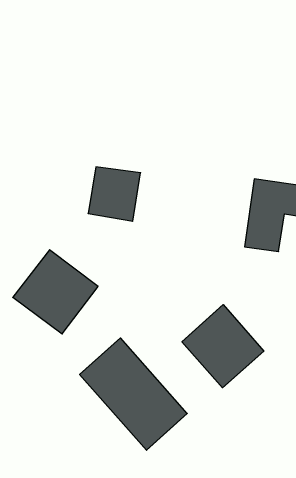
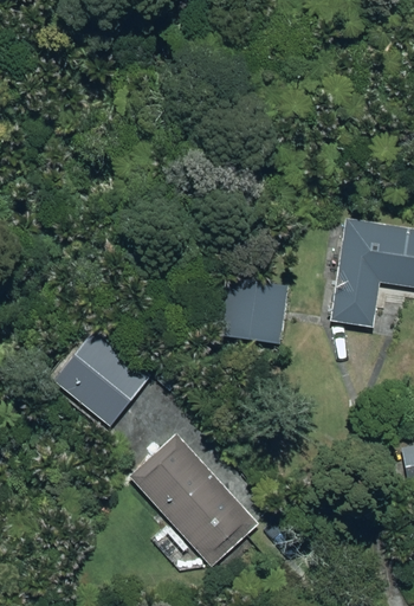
building: [88,167,141,221] -> [226,277,290,343]
building: [182,305,264,388] -> none

